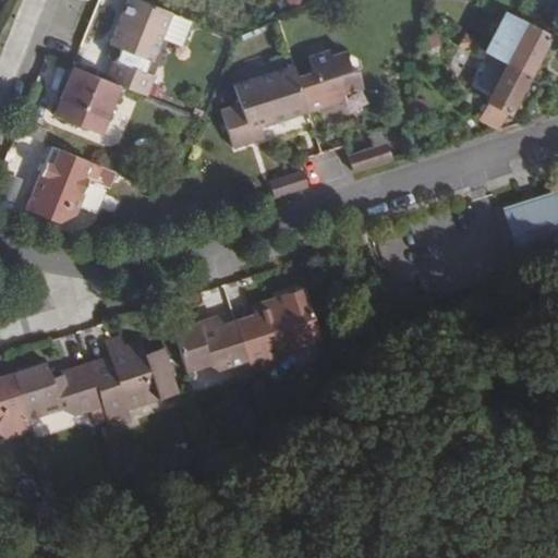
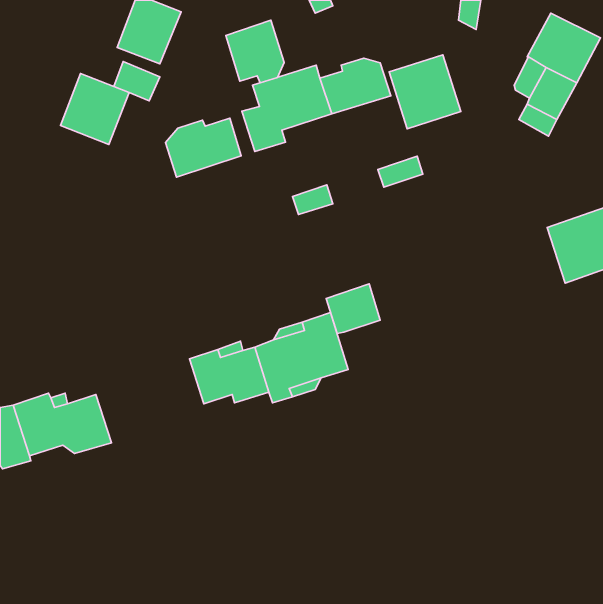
building: none -> [226,20,284,83]
building: none -> [389,55,461,129]
building: none -> [166,118,241,177]
building: [21,149,90,225] -> none
building: none -> [326,284,380,334]
building: [90,339,178,418] -> none

